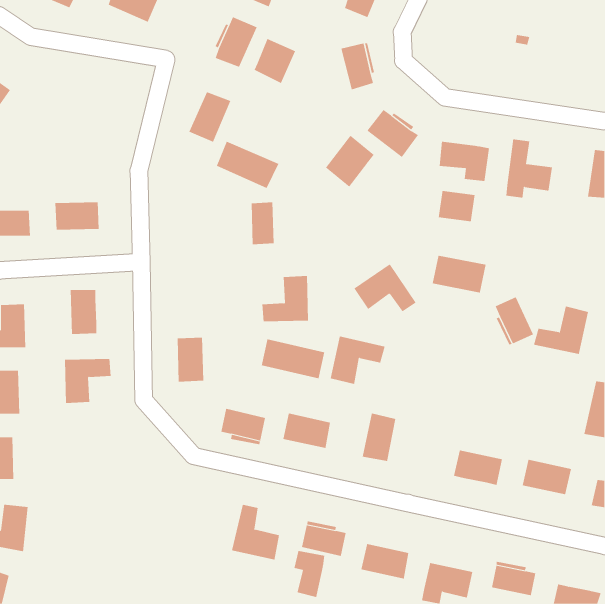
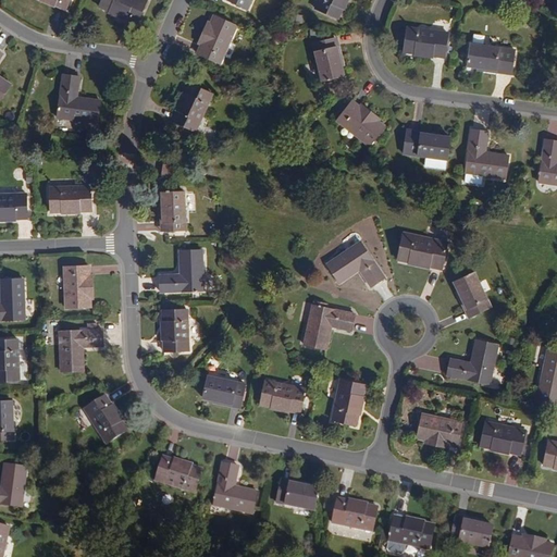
building: none -> [404,24,447,53]
building: [254,38,296,84] -> none
building: none -> [468,41,516,69]
building: none -> [57,74,99,121]
building: [325,135,375,188] -> none
building: [216,141,279,189] -> none
building: [438,190,475,222] -> none
building: [251,202,275,245] -> [162,189,184,228]
building: [262,276,309,322] -> [159,248,202,290]
building: [533,306,589,354] -> [446,337,497,382]
building: [261,339,325,379] -> none
building: none -> [83,393,125,441]
building: none -> [153,455,199,491]
building: [294,550,325,598] -> none

